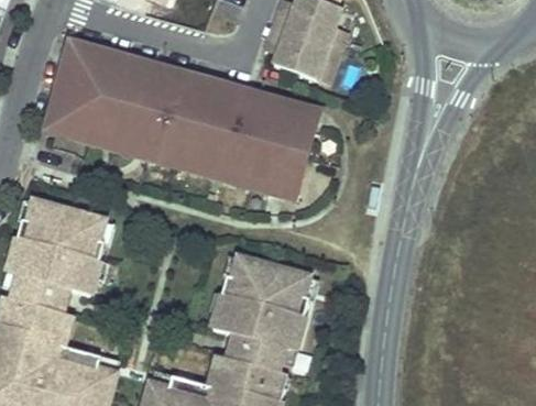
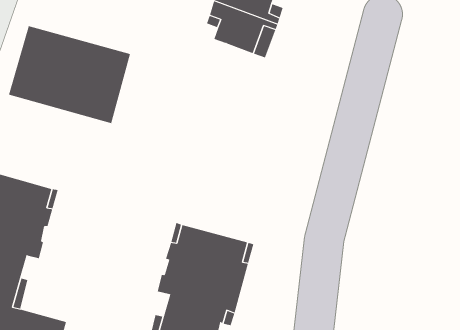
building: [186,83,221,161] -> none
building: [219,95,317,190] -> none

